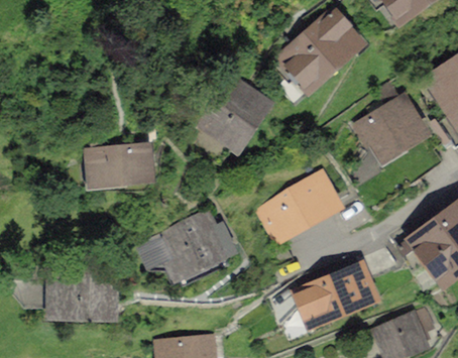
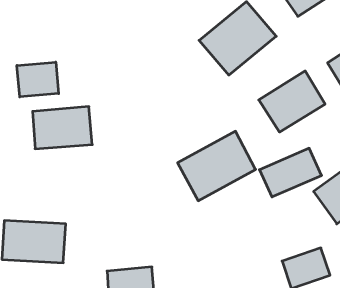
building: [196,68,273,151] -> none
building: none -> [17,62,59,97]
building: [135,210,233,292] -> none
building: [304,259,379,319] -> [259,148,322,197]

